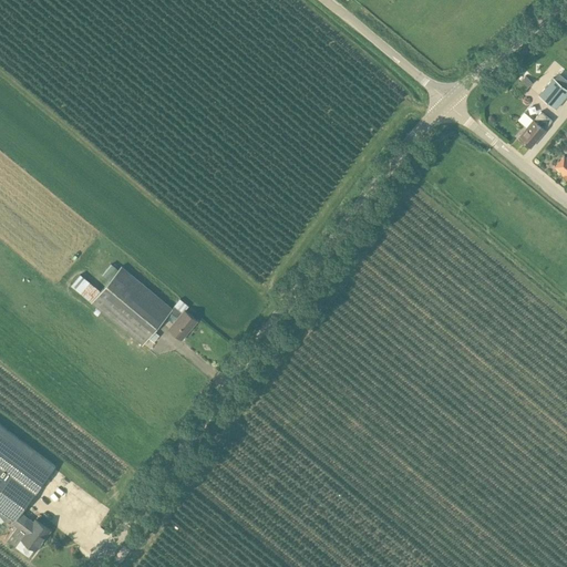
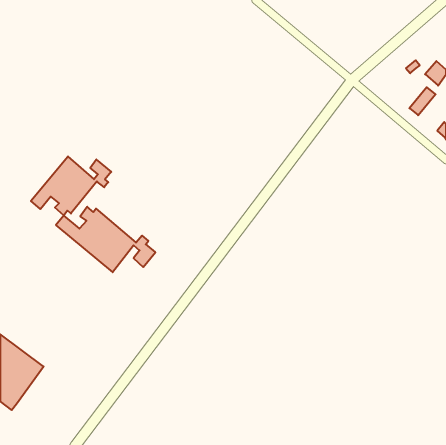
building: none -> [31,156,111,216]
building: [12,514,50,550] -> none

